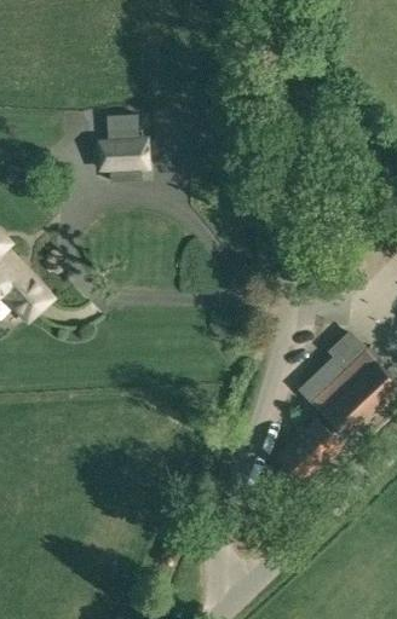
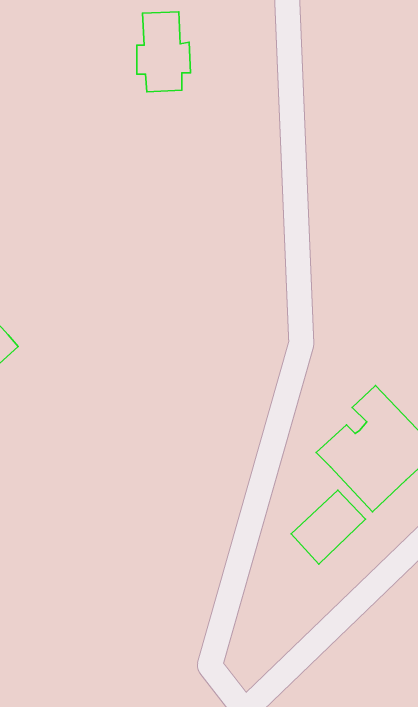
building: [100,115,145,181] -> [137,12,190,92]

